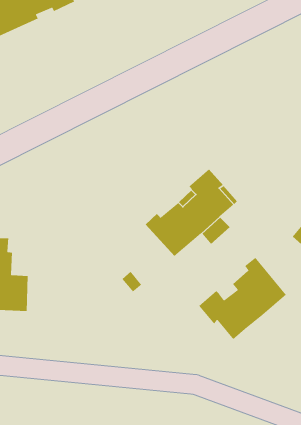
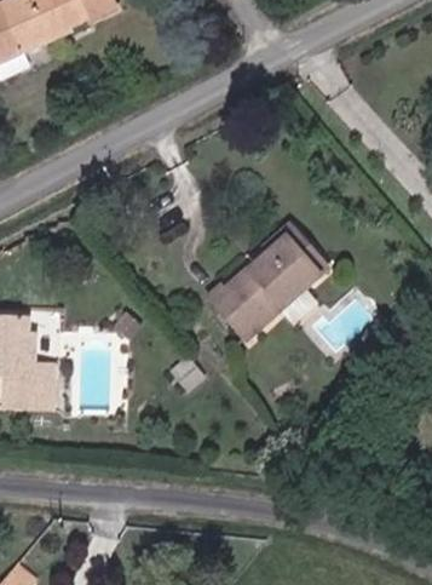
building: [198,257,287,340] -> none

